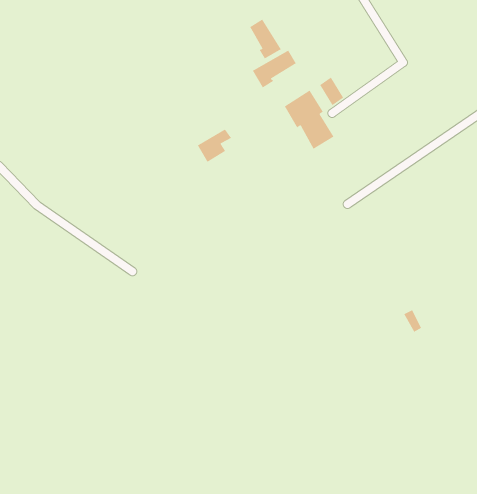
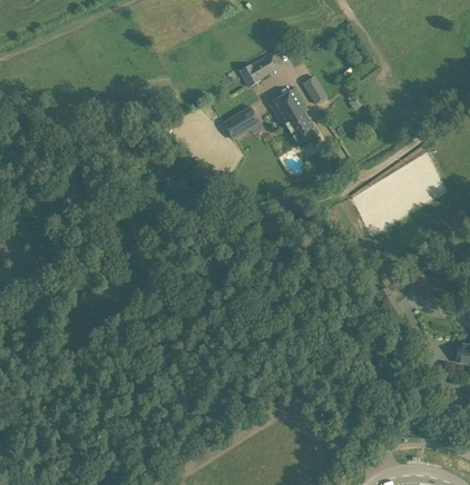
building: [249,18,282,60] -> none
building: [197,129,232,163] -> [223,107,256,139]

